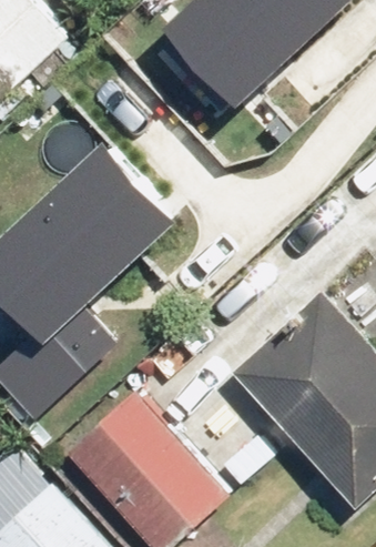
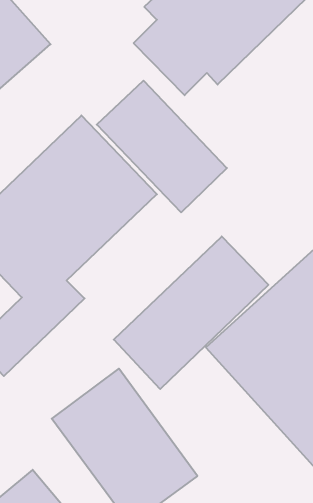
building: none -> [97,81,227,212]
building: none -> [114,236,268,389]

